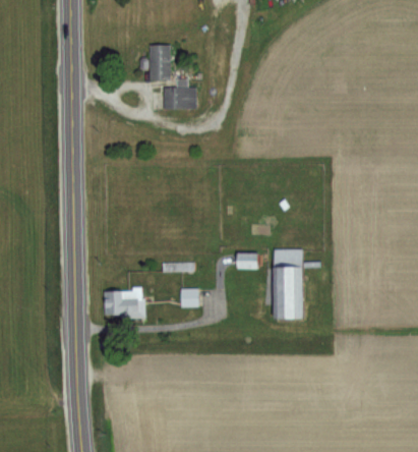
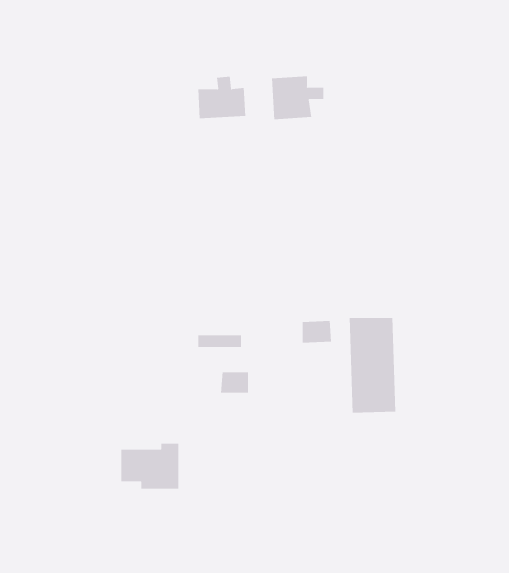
building: [147,44,171,81] -> none
building: none -> [271,76,324,120]
building: [106,287,147,320] -> [121,443,179,489]

